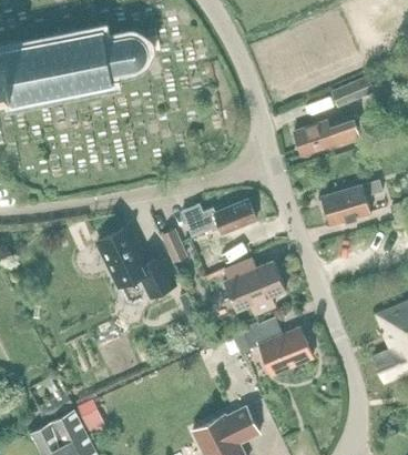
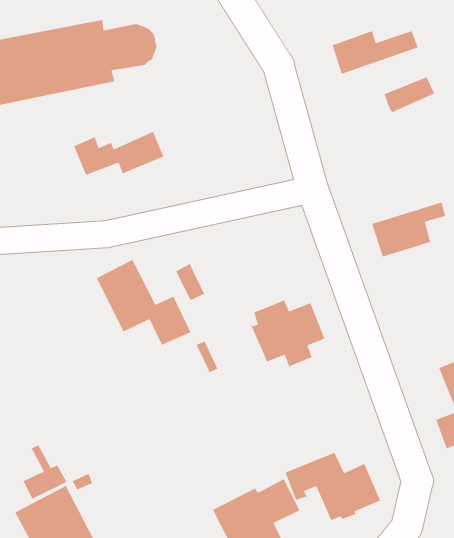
building: [294,120,365,156] -> [332,30,419,75]
building: [182,200,256,236] -> [73,131,165,176]
building: [234,318,313,375] -> [285,452,381,521]

